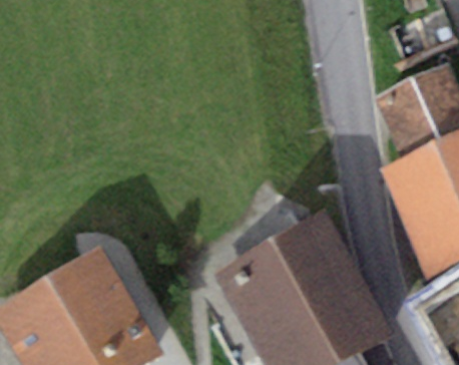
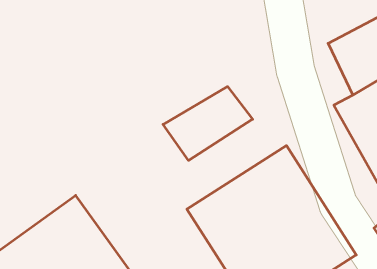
building: none -> [163,87,253,160]

